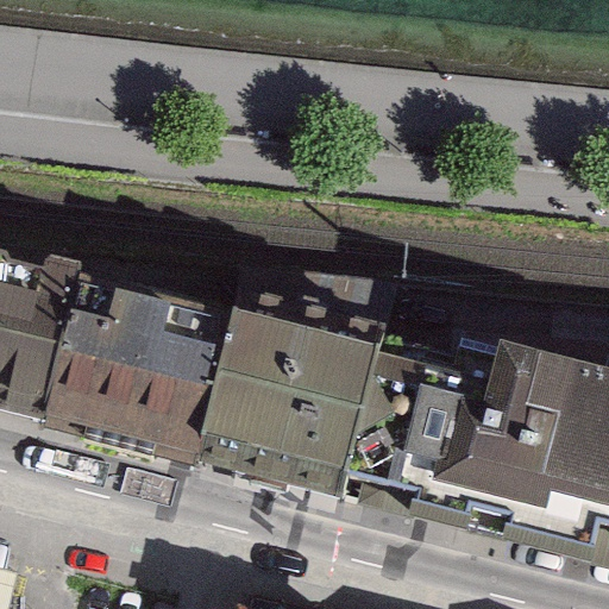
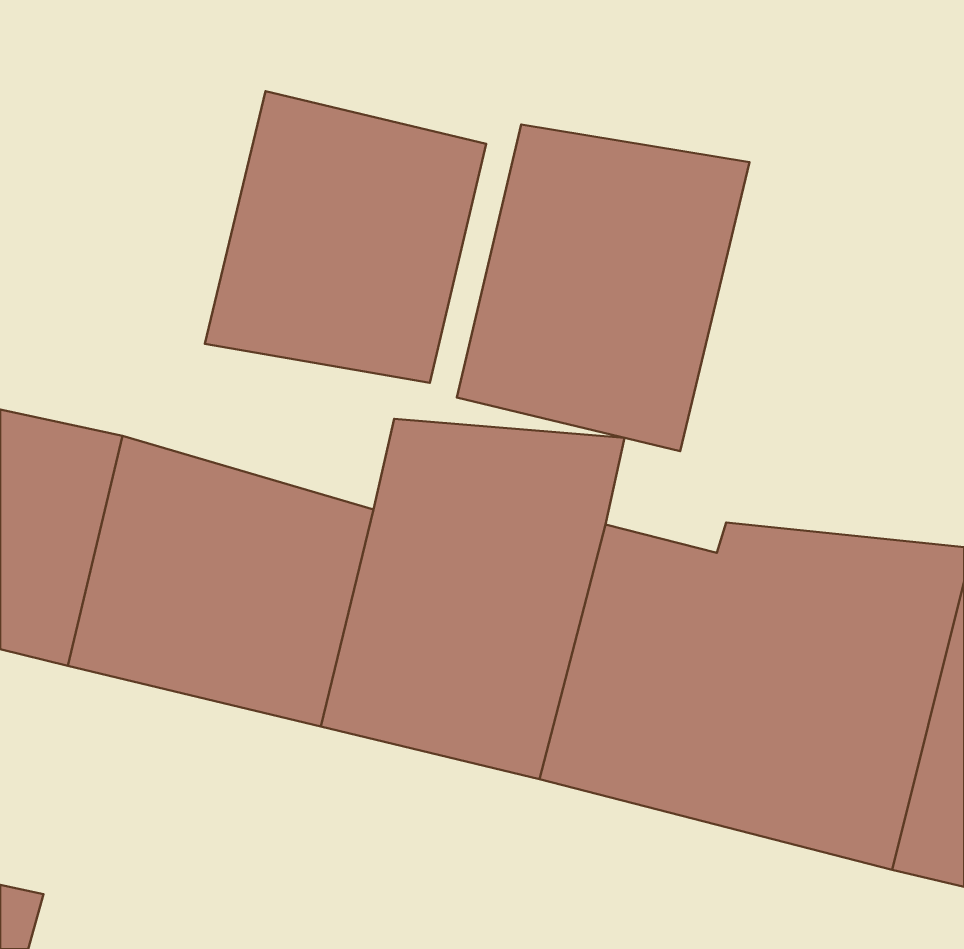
building: none -> [205,91,486,383]
building: none -> [457,125,749,451]

